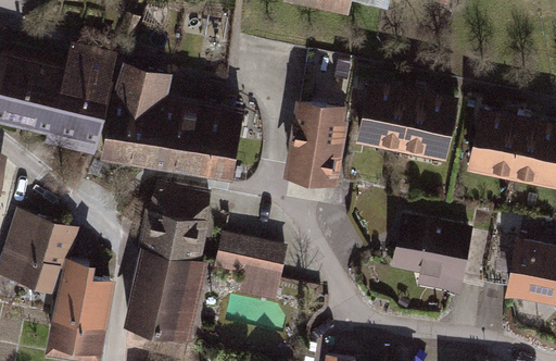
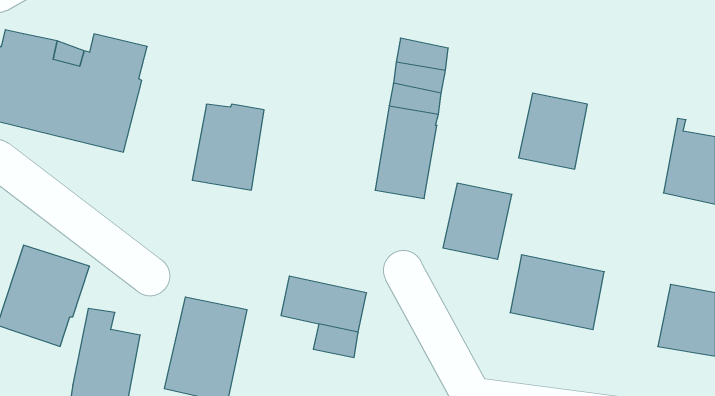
building: [102,69,167,165] -> none
building: [358,89,412,148] -> [443,183,512,259]
building: [194,111,240,178] -> none
building: [469,116,523,175] -> none
building: [143,189,207,266] -> none

